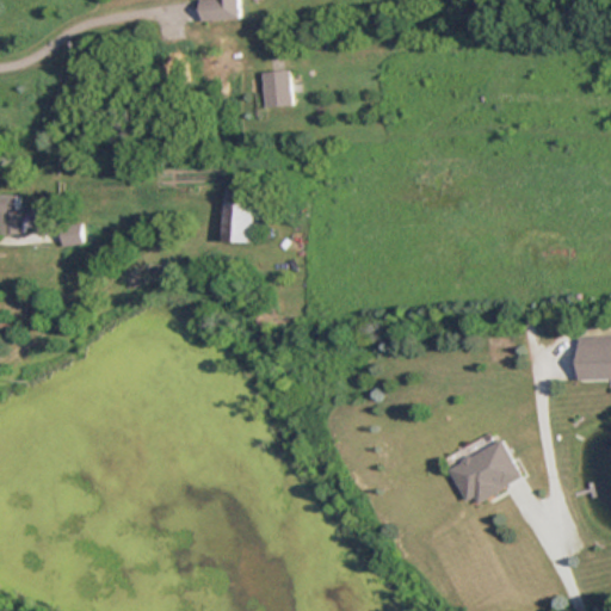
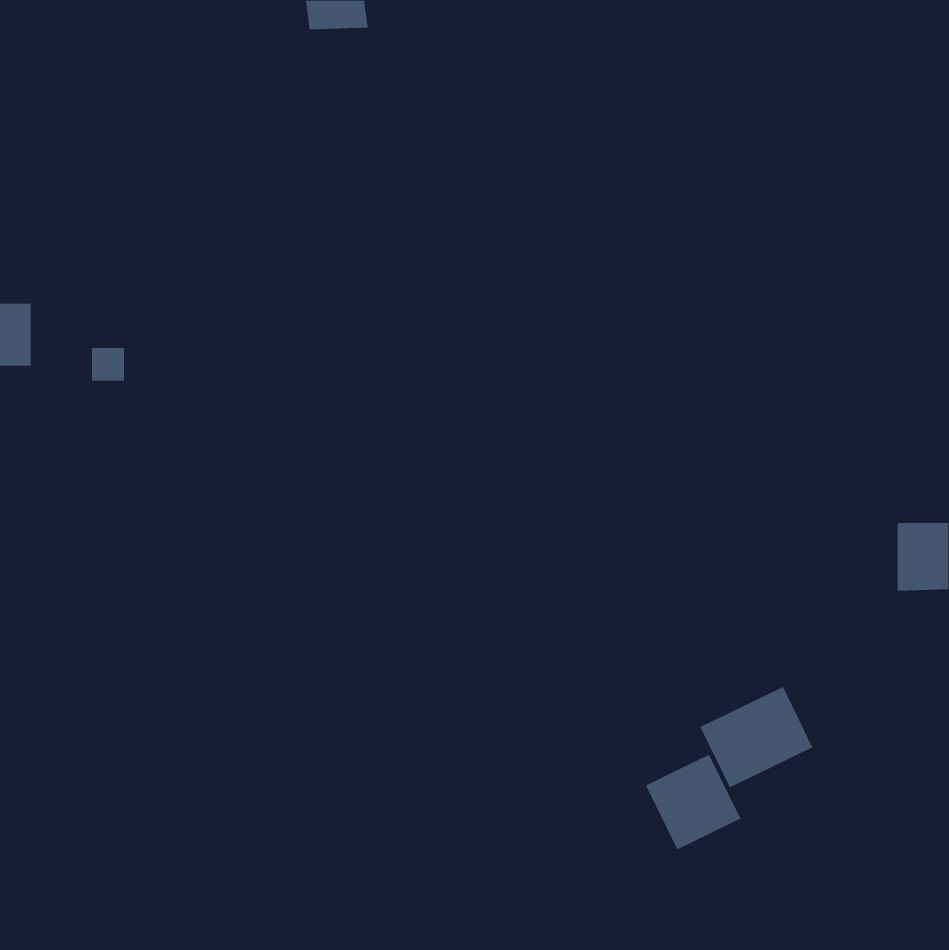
building: [260,70,290,107] -> none
building: [221,190,249,241] -> none
building: none -> [645,754,741,850]

